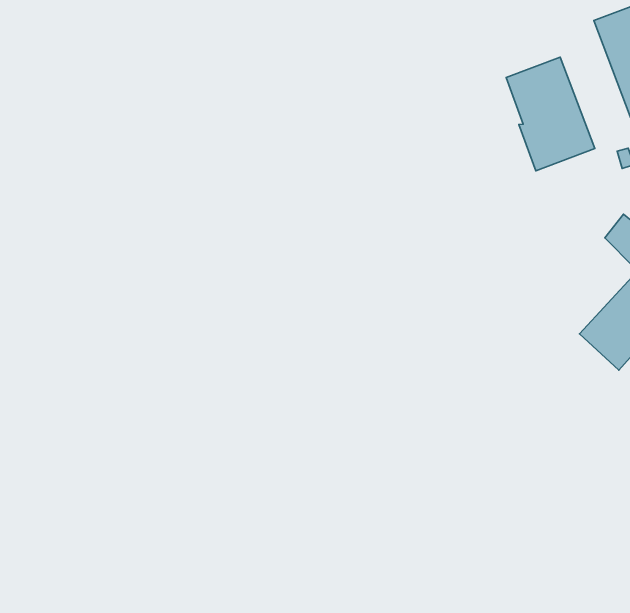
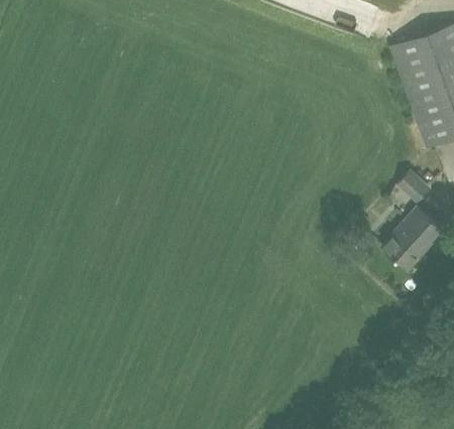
building: [506,57,595,171] -> none

